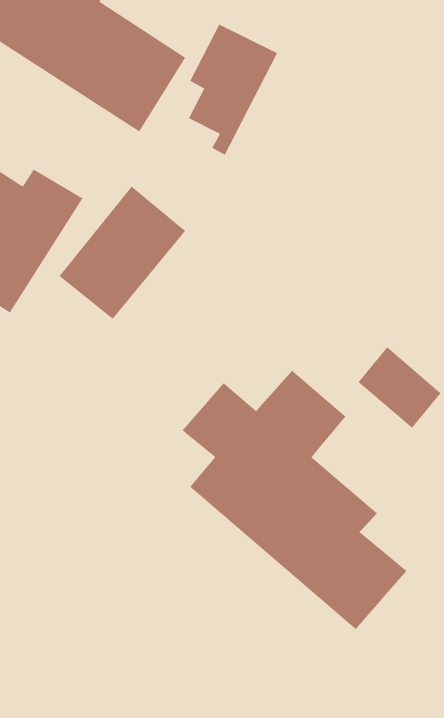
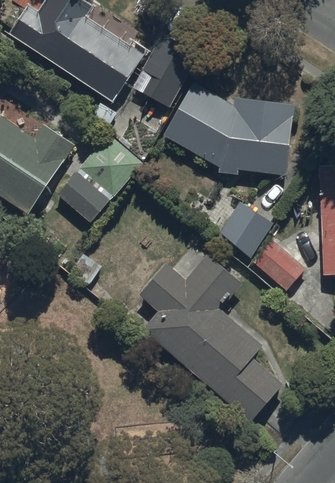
building: none -> [164,83,295,175]
building: none -> [219,203,272,254]

